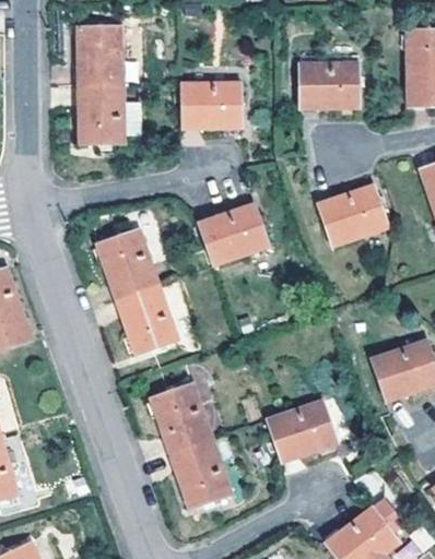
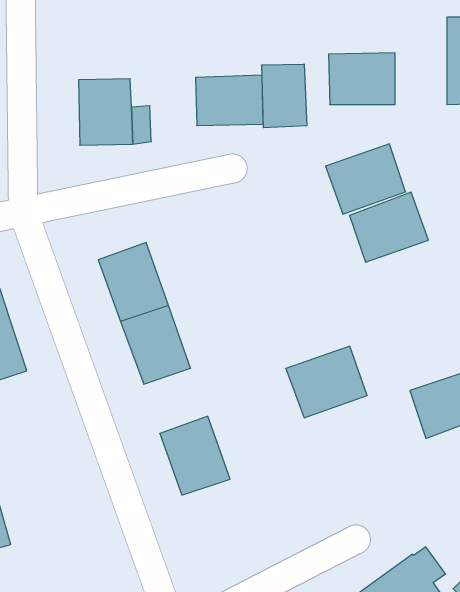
building: [77,24,124,84] -> none
building: none -> [262,64,307,128]
building: [197,203,268,265] -> [326,144,406,214]
building: [264,400,337,463] -> [286,346,367,418]
building: [169,438,232,509] -> none

